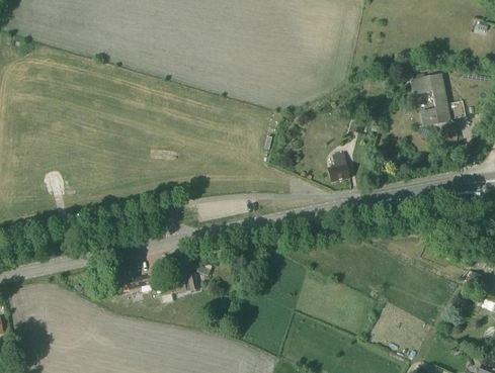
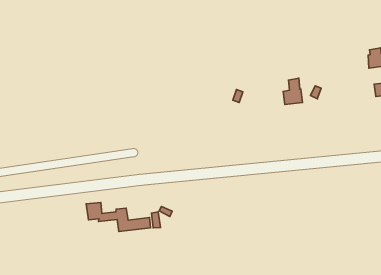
building: [328,151,350,181] -> [283,78,302,105]

